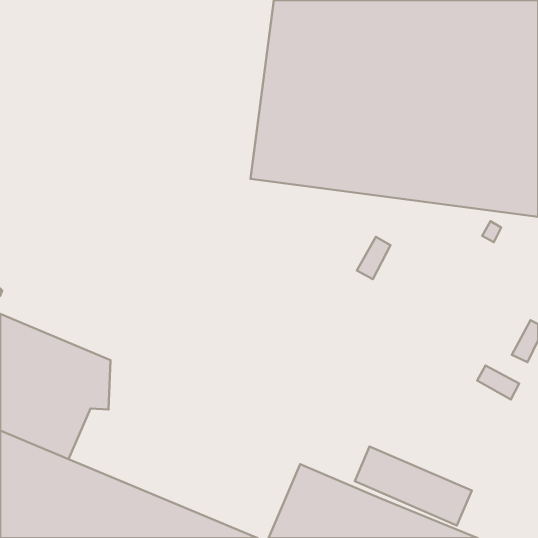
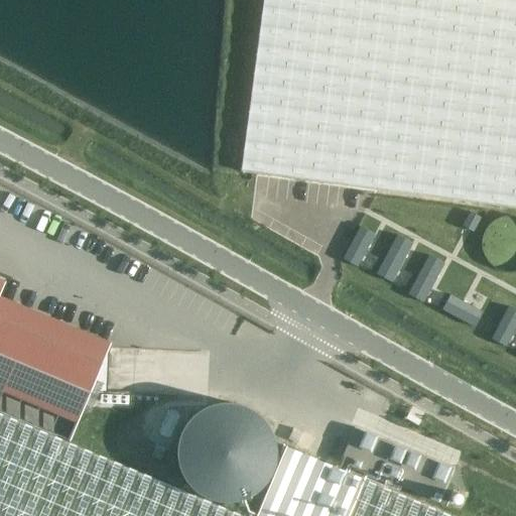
building: none -> [375,235,412,282]
building: none -> [407,255,443,302]
building: [477,366,519,399] -> [441,295,482,328]
building: none -> [185,399,280,494]

